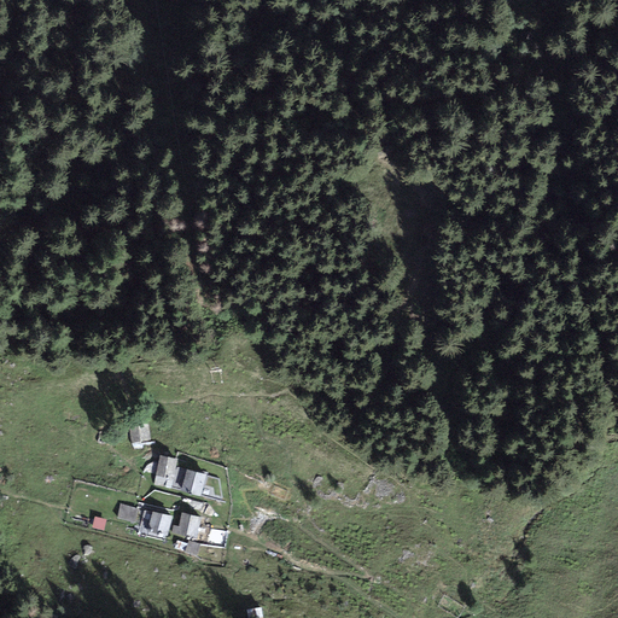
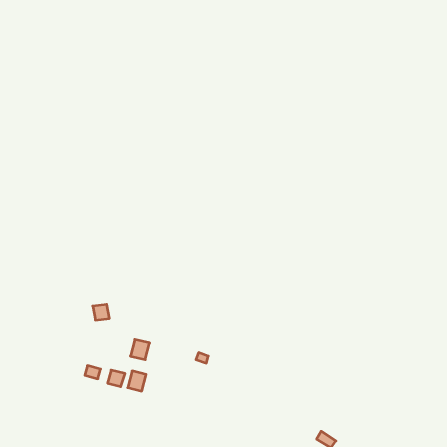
building: [153,454,177,489] -> none

